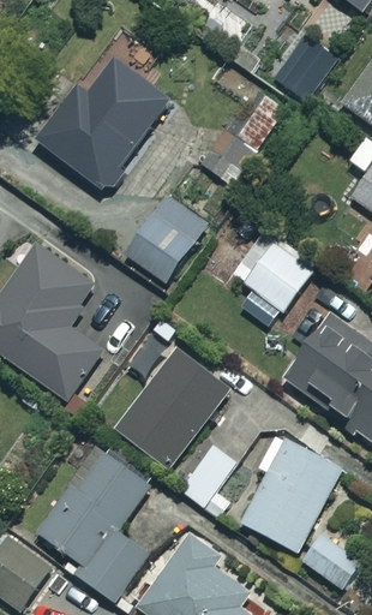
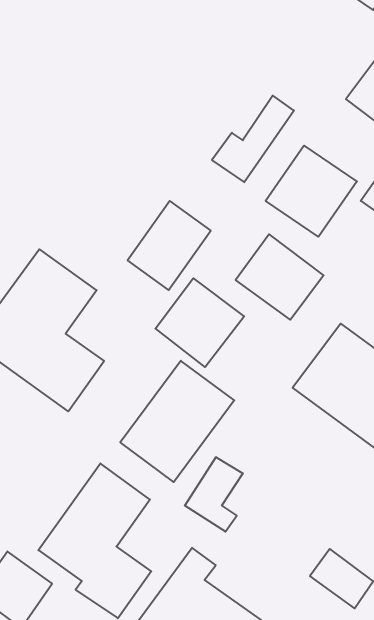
building: [272,36,334,101] -> none
building: [43,55,168,189] -> none
building: none -> [266,146,357,237]
building: none -> [155,278,244,367]
building: [240,440,341,551] -> none

